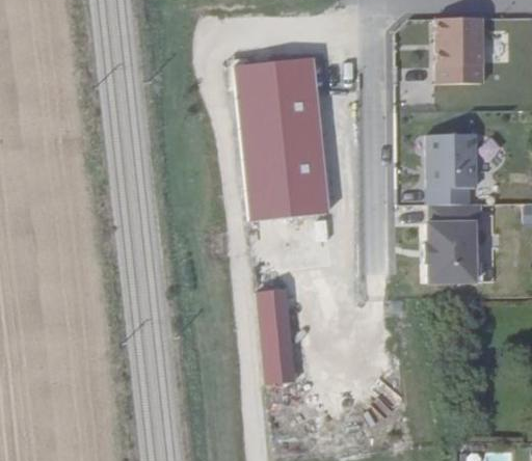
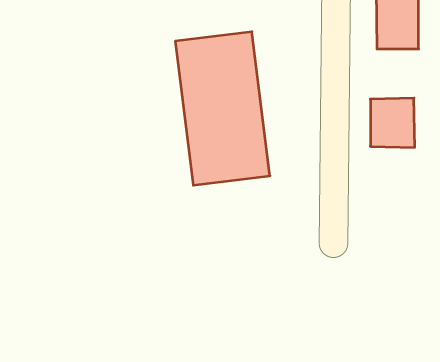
building: [428,202,495,280] -> none
building: [250,294,284,382] -> none

